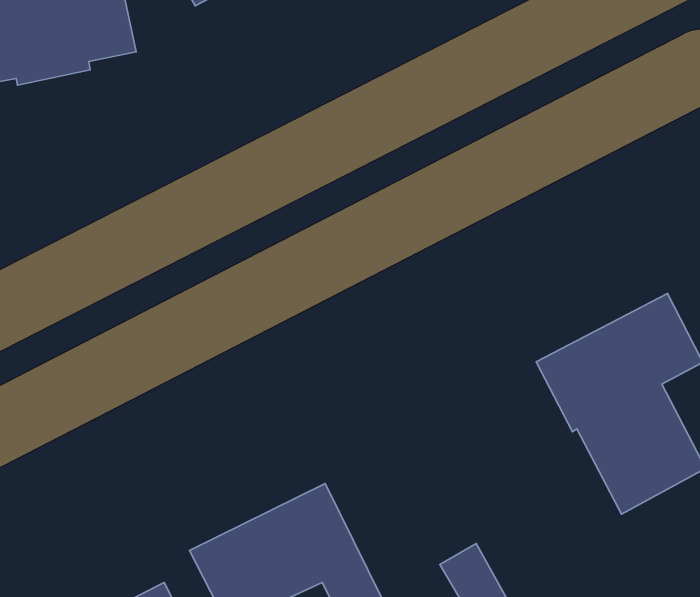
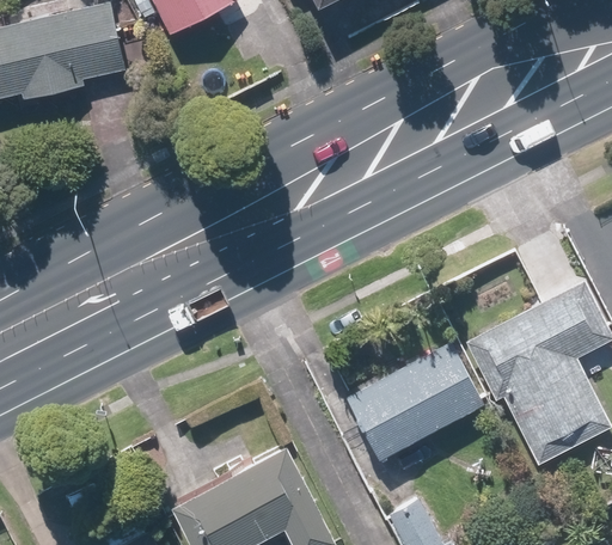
building: none -> [344,339,485,460]

